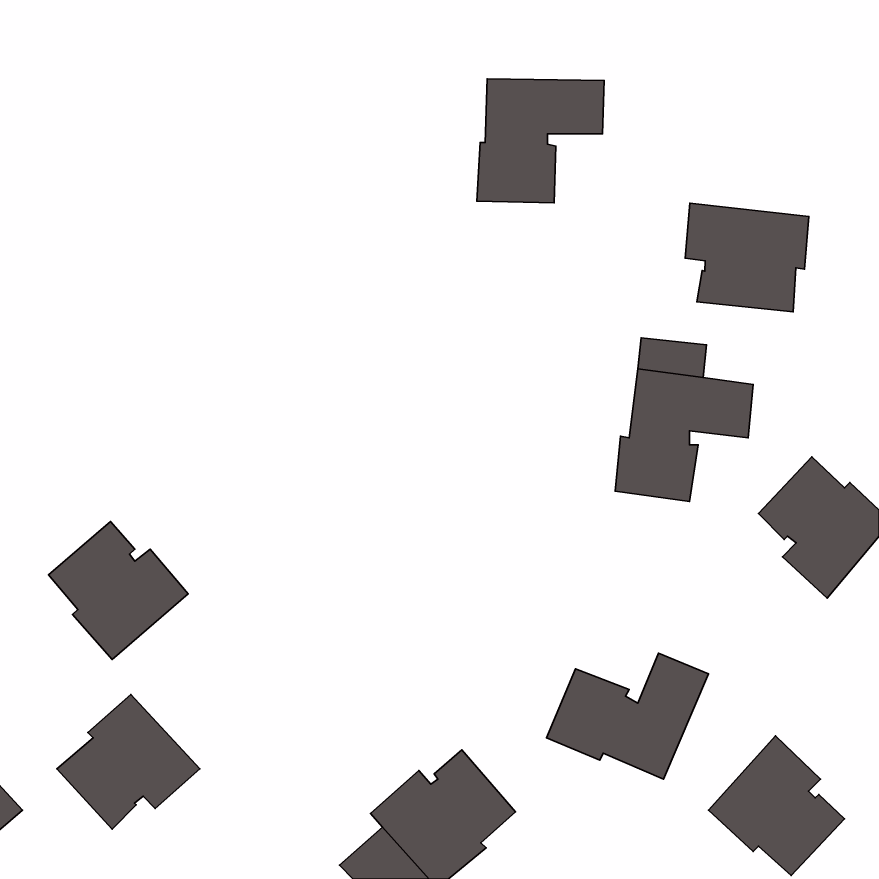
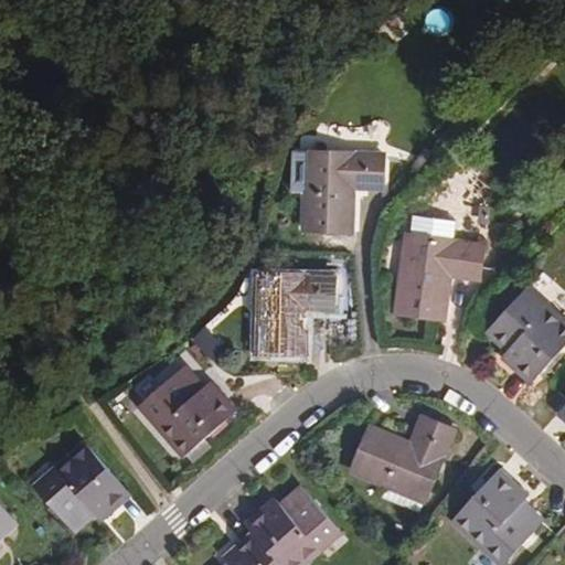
building: [477,79,604,203] -> [300,153,382,233]
building: [685,203,809,312] -> none
building: none -> [254,275,334,355]
building: [49,521,188,659] -> [143,366,233,455]

